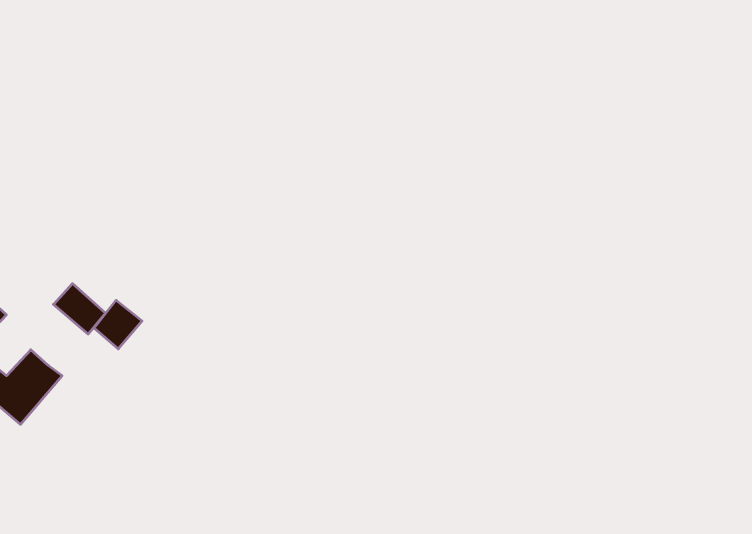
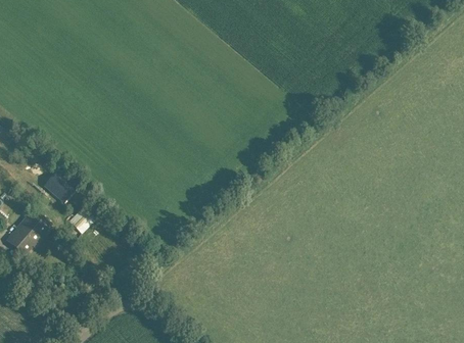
building: [94,300,142,349] -> none

